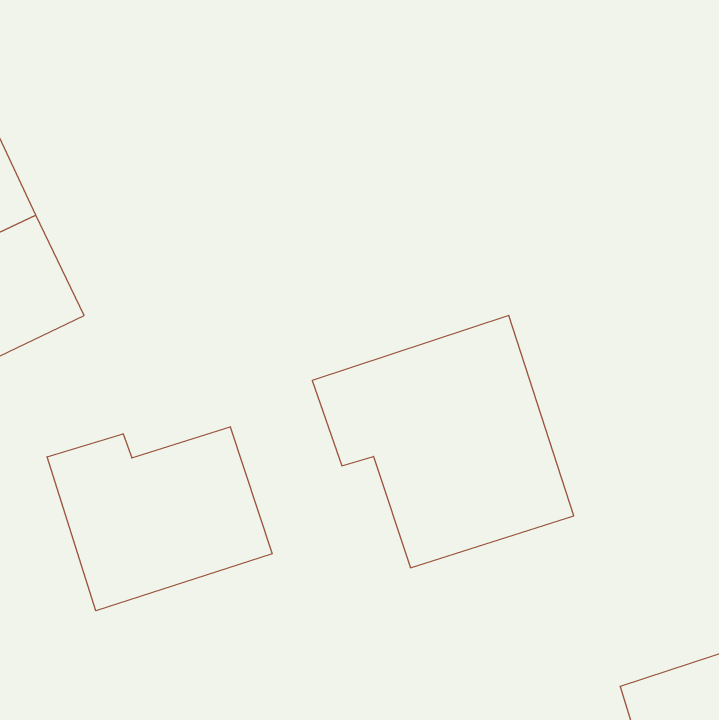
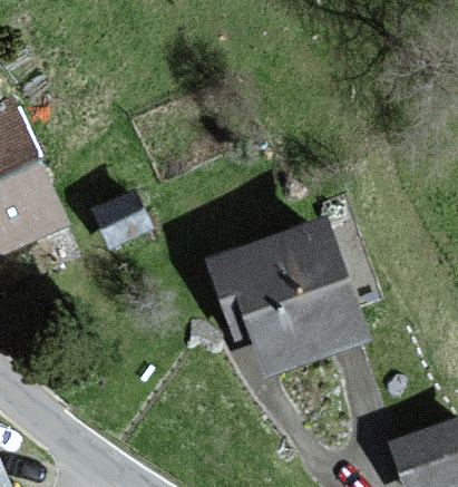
building: [47,427,272,611] -> none

